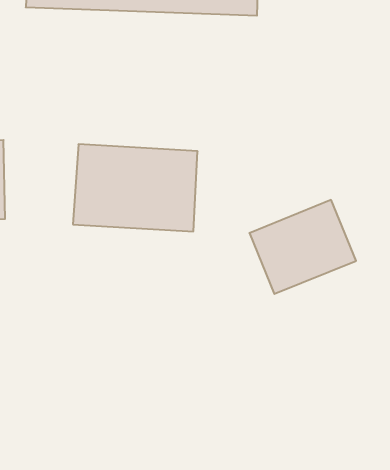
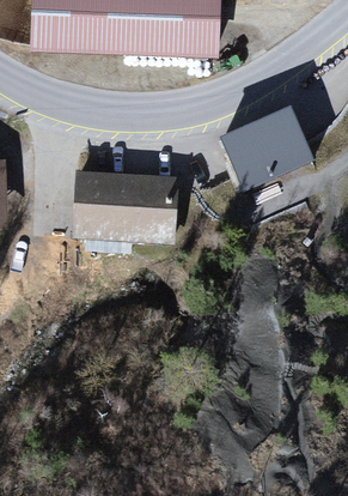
building: [249,200,356,294] -> [219,107,311,188]

